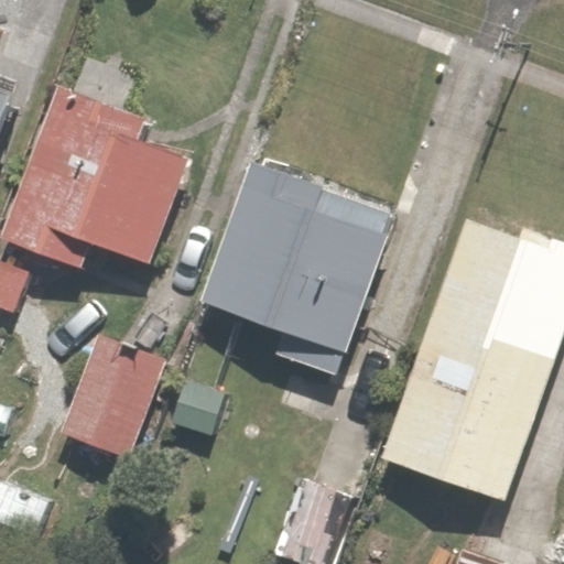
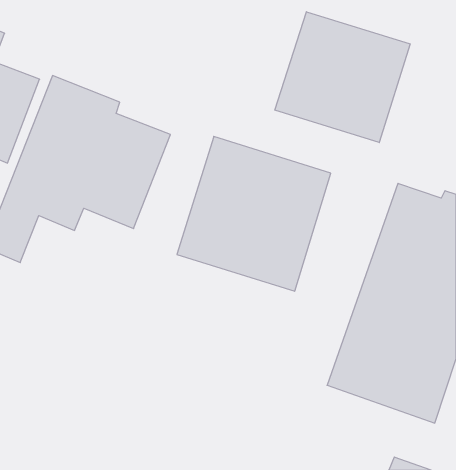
building: none -> [275,12,410,143]
building: [66,335,178,463] -> none

